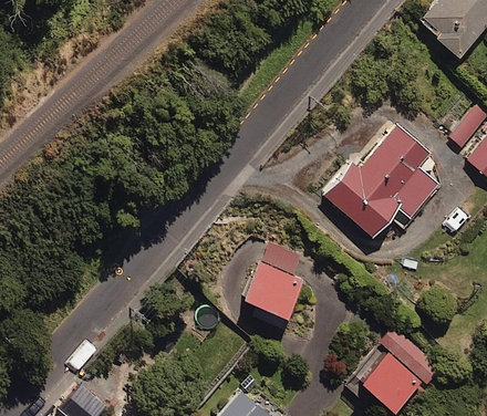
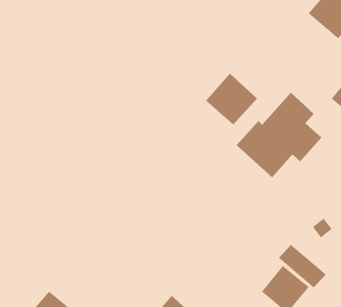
building: none -> [205,73,258,125]
building: [242,241,303,321] -> none

